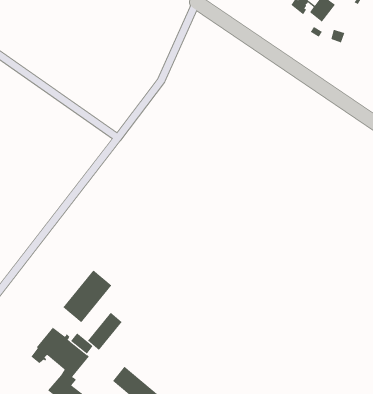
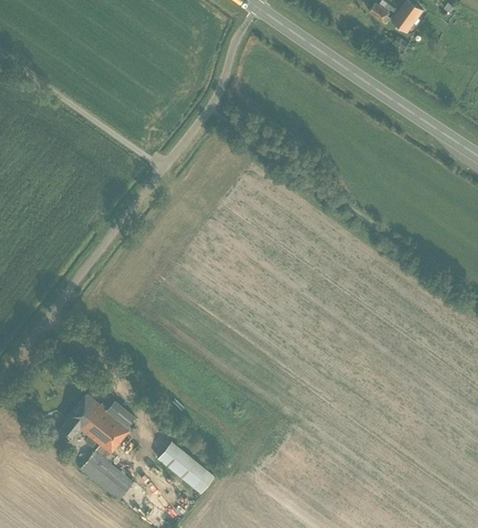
building: [63,270,112,323] -> none
building: [87,312,122,351] -> none

